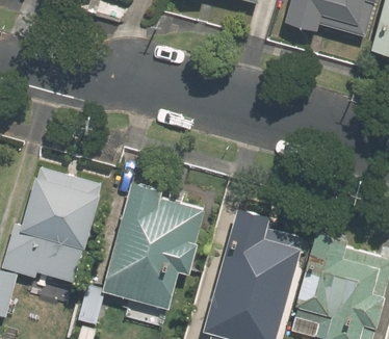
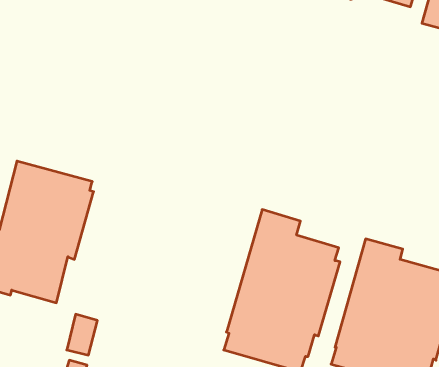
building: [106,180,209,309] -> none

